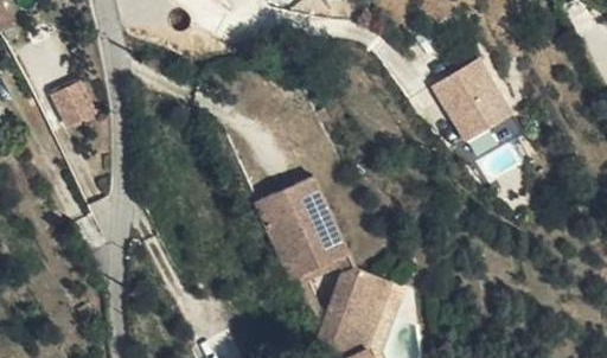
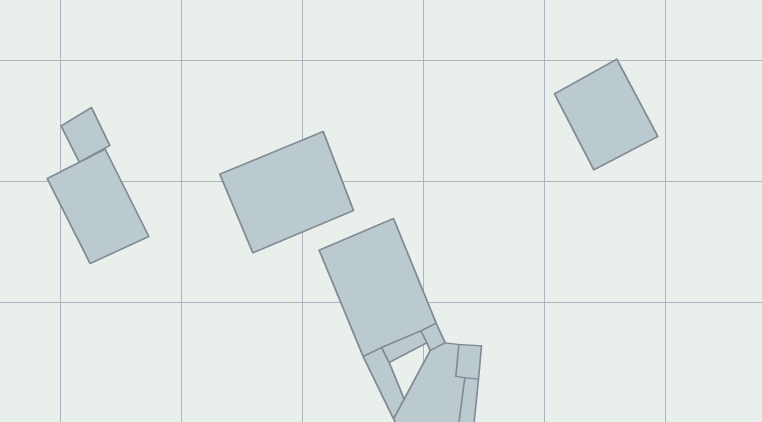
building: none -> [220,131,353,253]
building: none -> [47,149,149,264]

